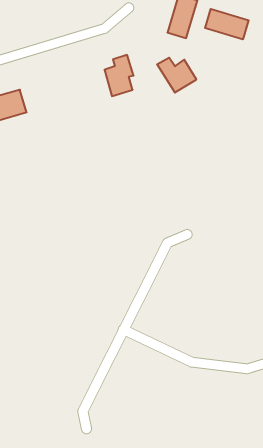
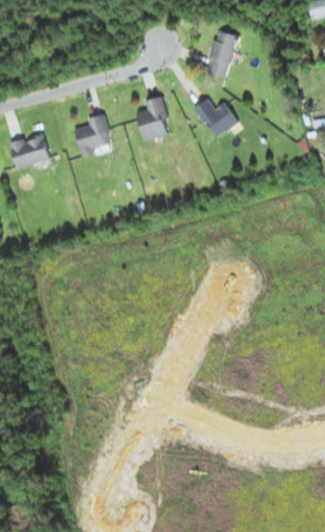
building: [205,9,249,39] -> none
building: none -> [75,113,111,157]

